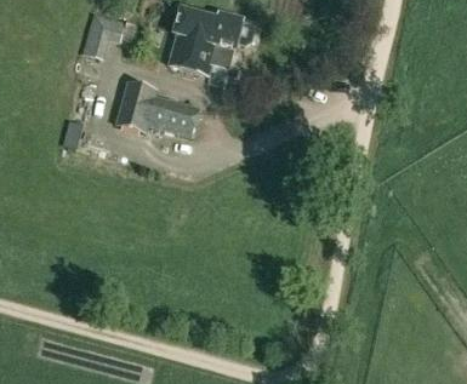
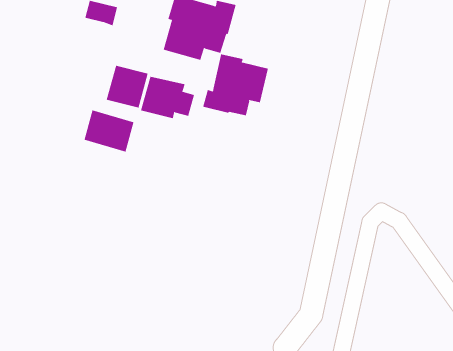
building: none -> [202,53,269,116]
building: none -> [84,109,134,152]

